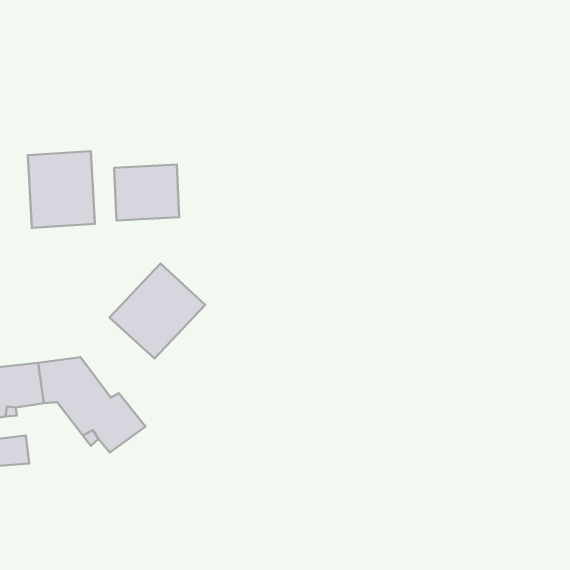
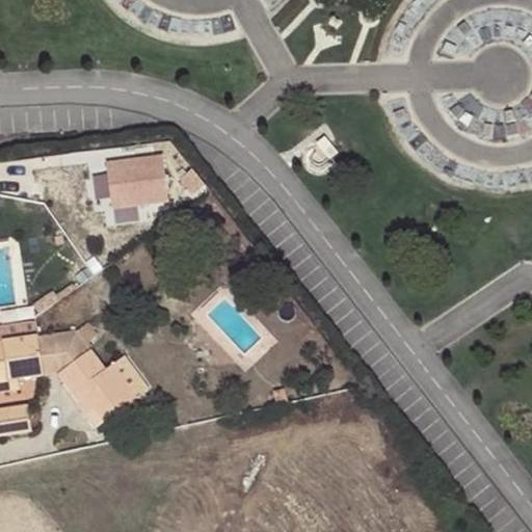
building: [28,151,95,228] -> none
building: [110,263,205,359] -> none

